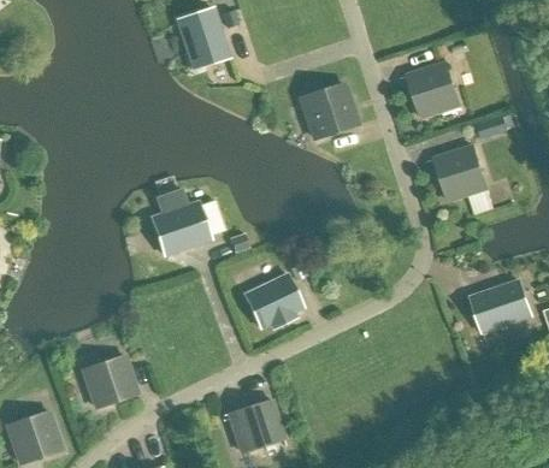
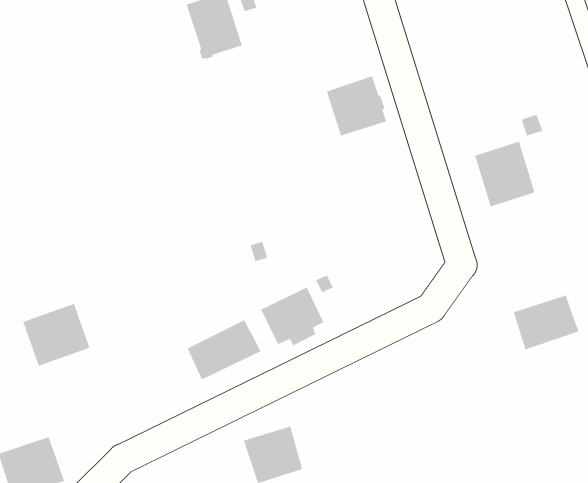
building: [408,60,464,120] -> none
building: [150,188,208,254] -> none
building: none -> [186,319,262,381]
building: [82,351,143,409] -> [22,303,90,367]

